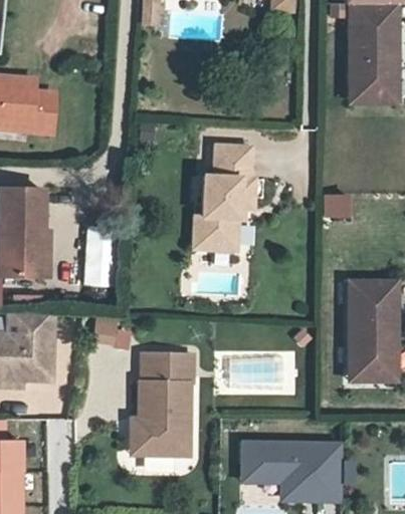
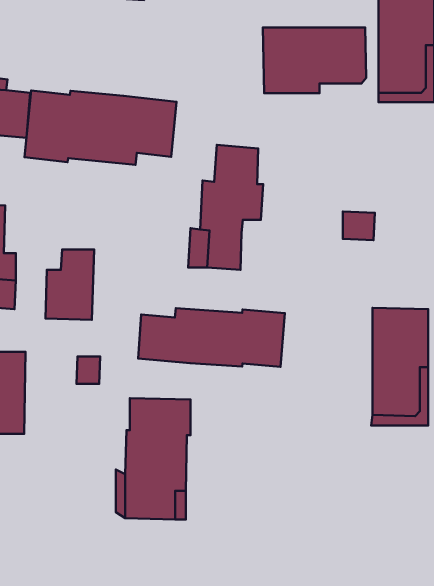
building: none -> [263,27,366,93]
building: none -> [25,90,176,165]
building: none -> [138,308,285,367]
building: [248,442,341,503] -> none

